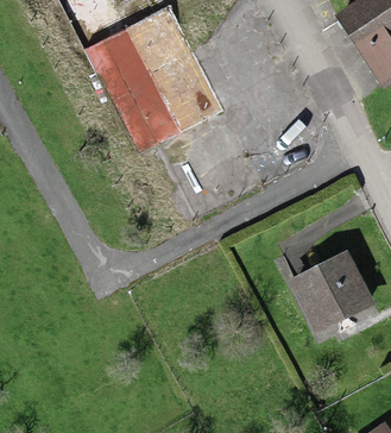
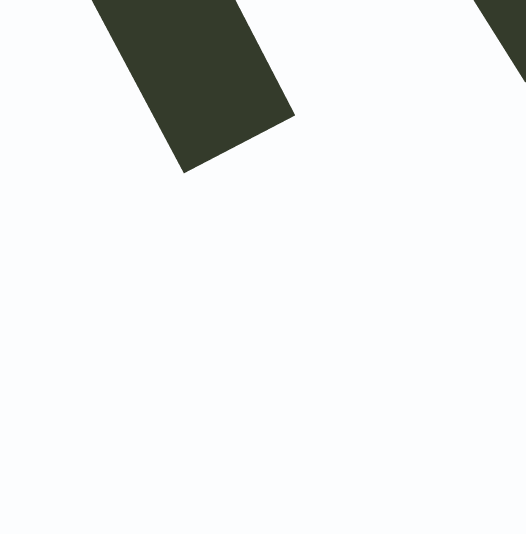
building: [290,251,373,332] -> none

